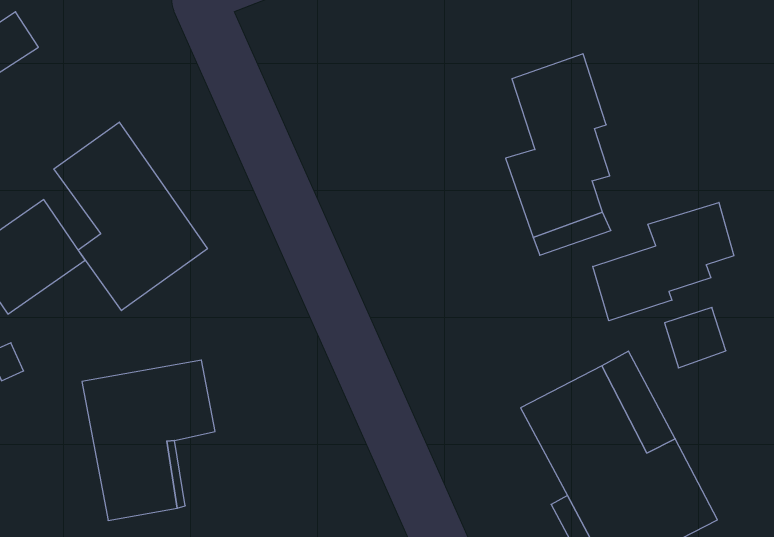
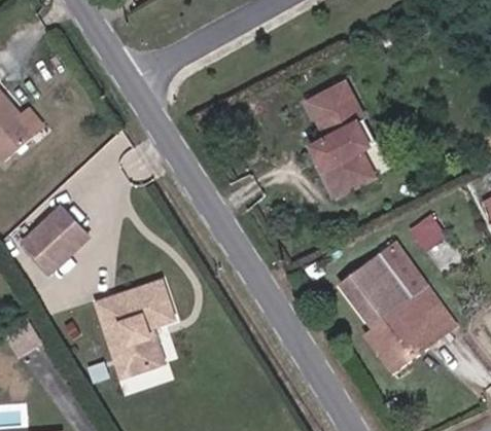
building: [54,122,207,311] -> none
building: [593,202,734,321] -> none

